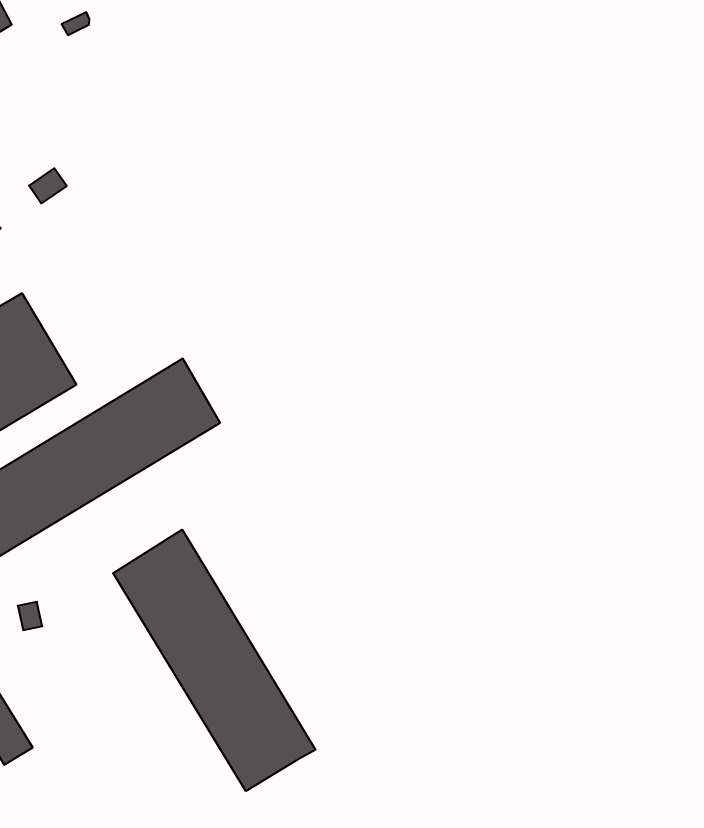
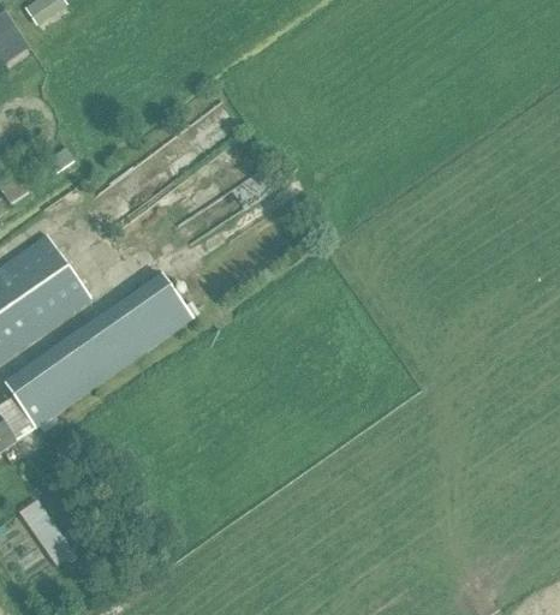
building: [113,530,316,791] -> none

